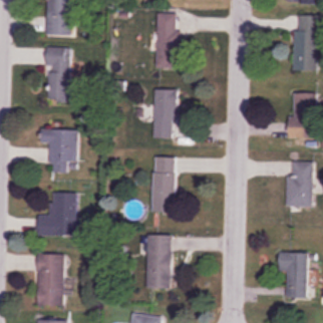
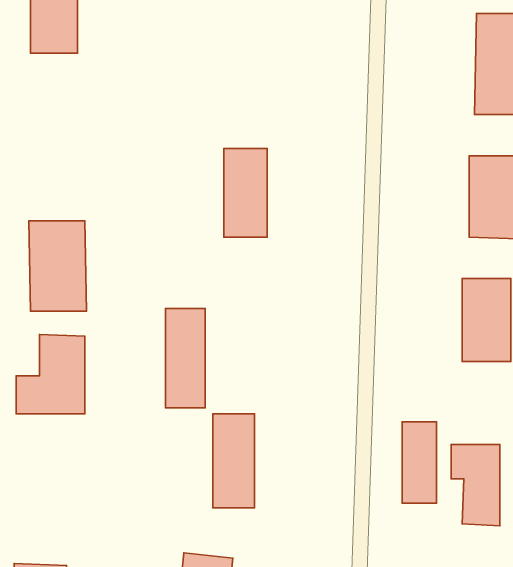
building: [154,14,179,67] -> none
building: [45,46,69,100] -> none
building: [152,156,175,212] -> [165,309,205,408]
building: none -> [402,422,437,503]
building: [36,254,63,306] -> none

